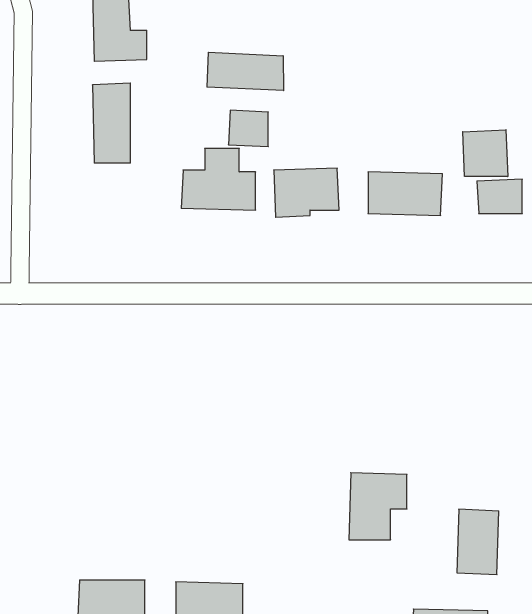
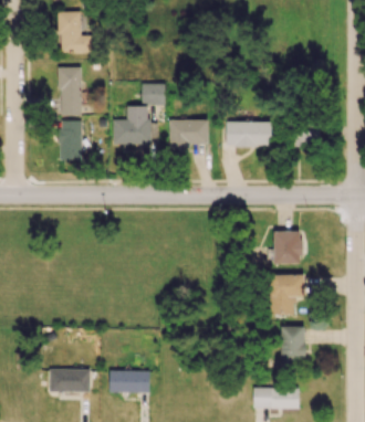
building: [207,52,284,91] -> none
building: [463,130,508,177] -> none
building: none -> [60,119,83,159]
building: none -> [274,231,302,264]
building: [349,473,407,540] -> [270,274,305,315]

